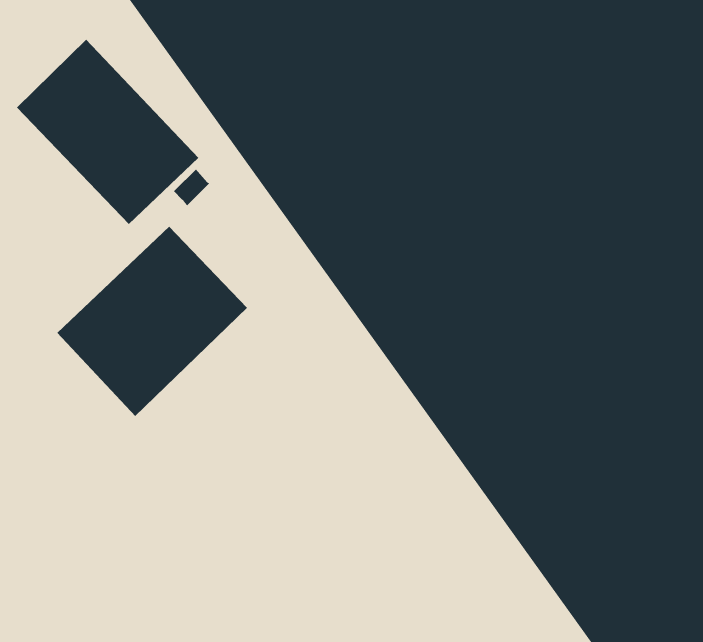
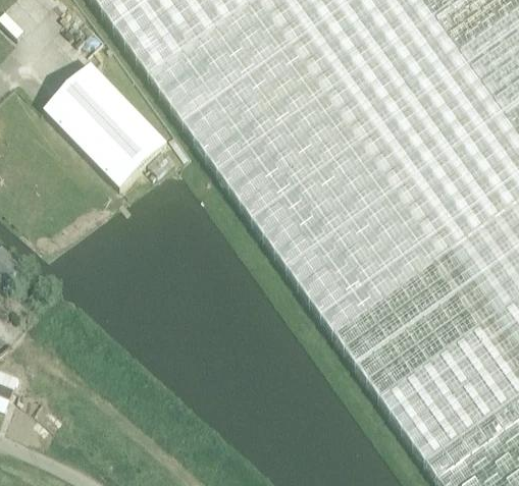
building: [57,226,248,417] -> none

